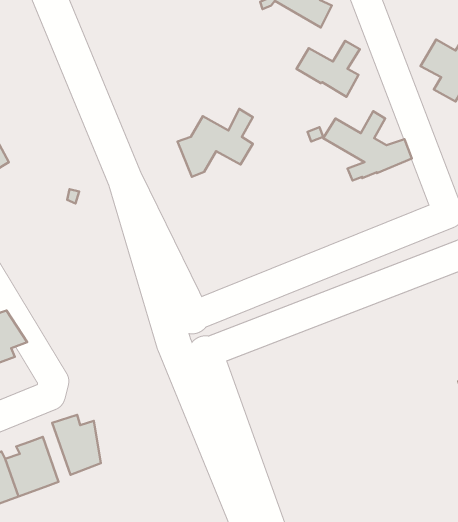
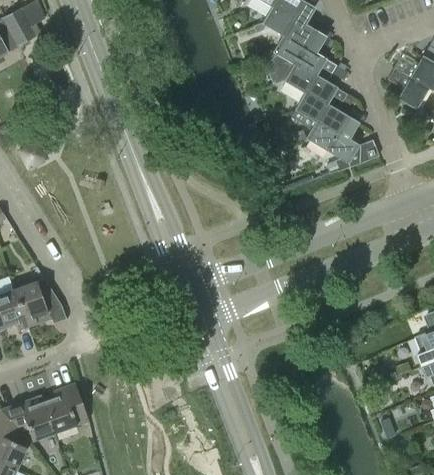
building: none -> [295,85,347,133]
building: [177,109,253,177] -> [262,28,324,84]
building: [52,415,101,475] -> none

